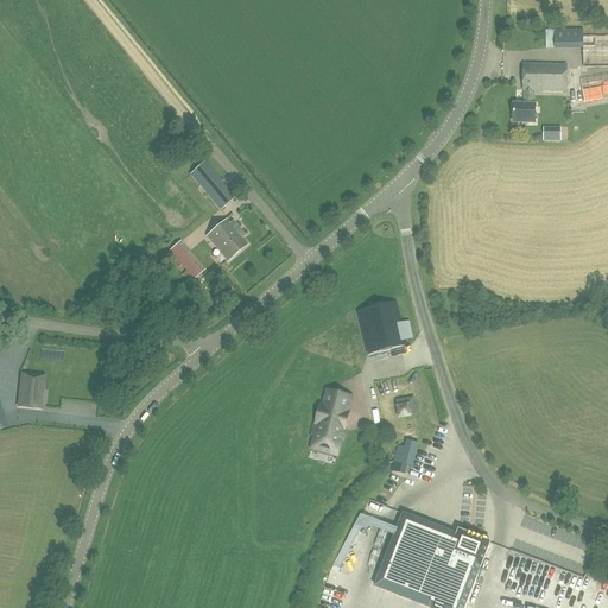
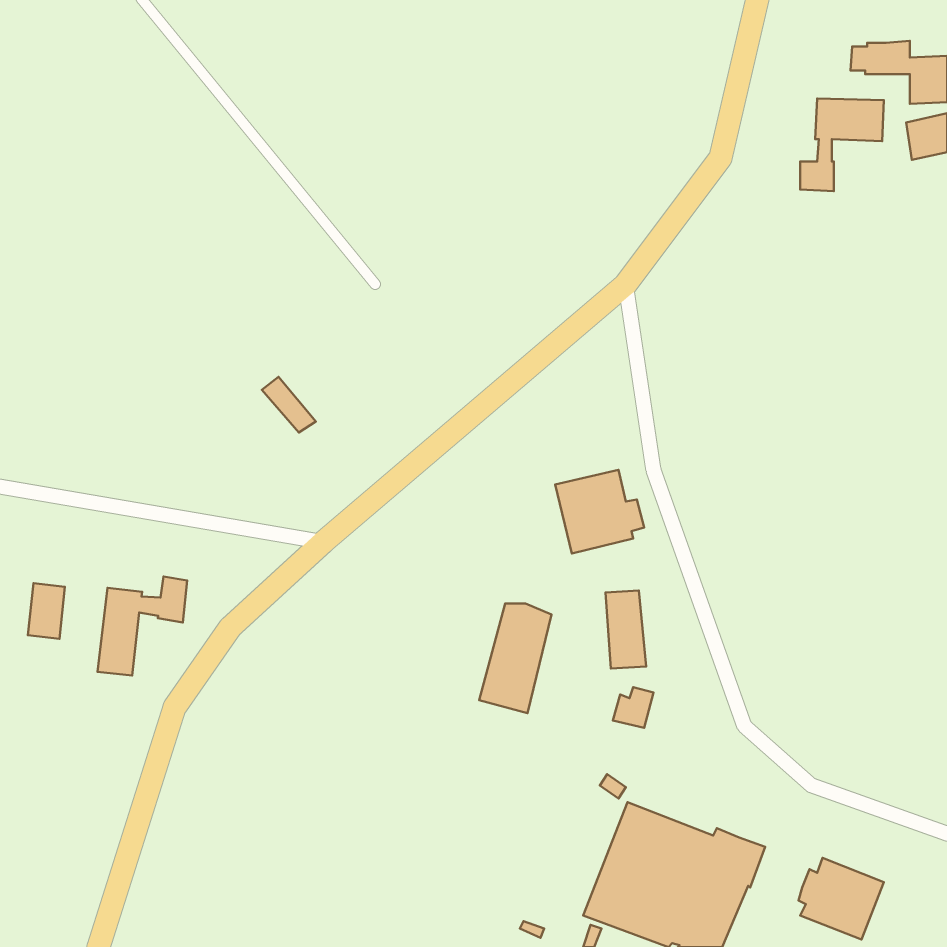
building: [189,160,235,209] -> none
building: [205,218,246,260] -> none
building: none -> [97,576,187,676]

